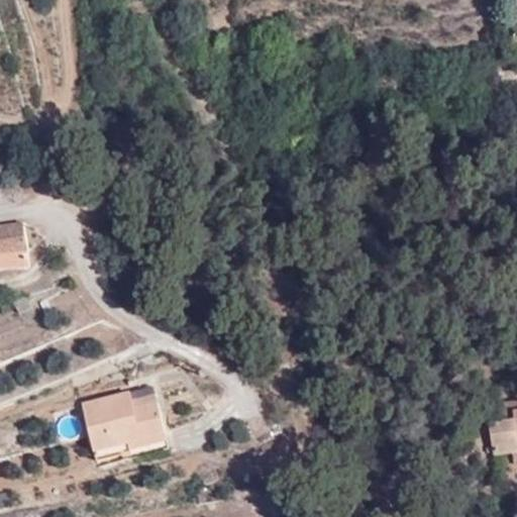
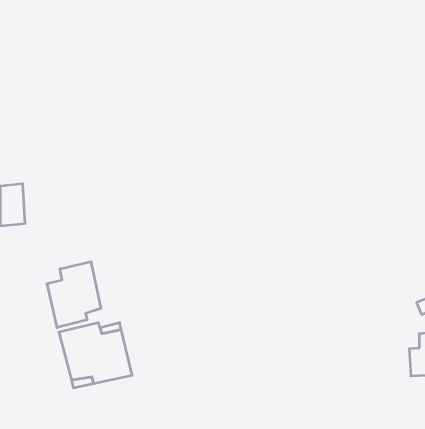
building: none -> [47,262,101,328]

